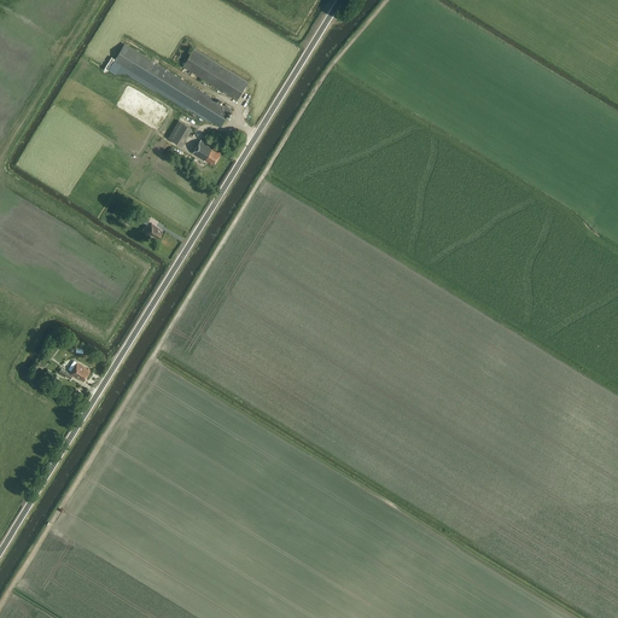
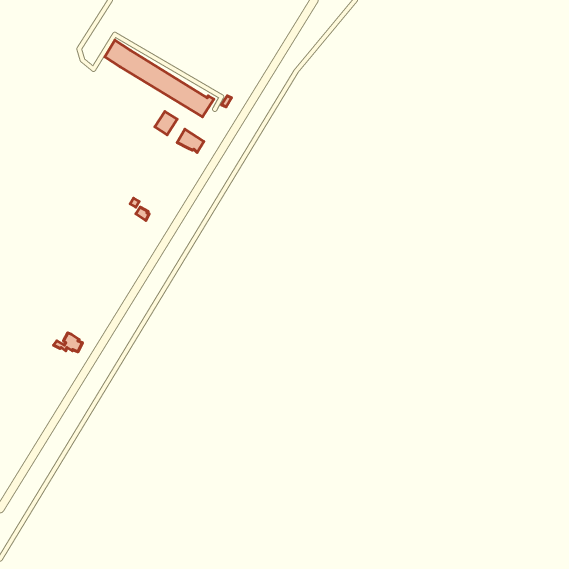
building: [182,49,247,100] -> none

